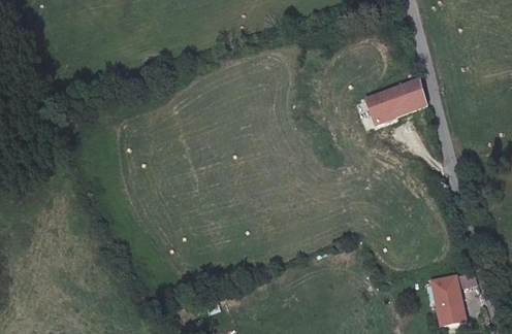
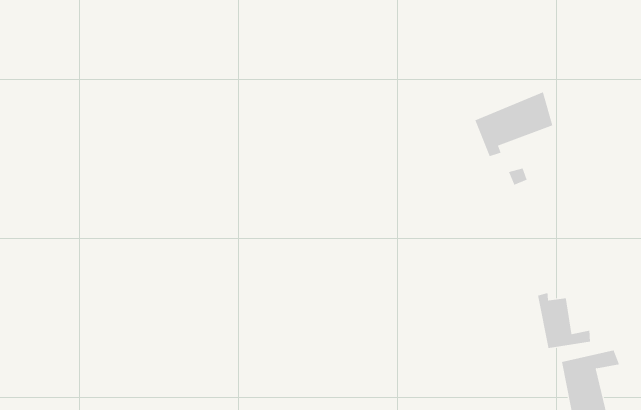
building: none -> [537,292,590,349]

